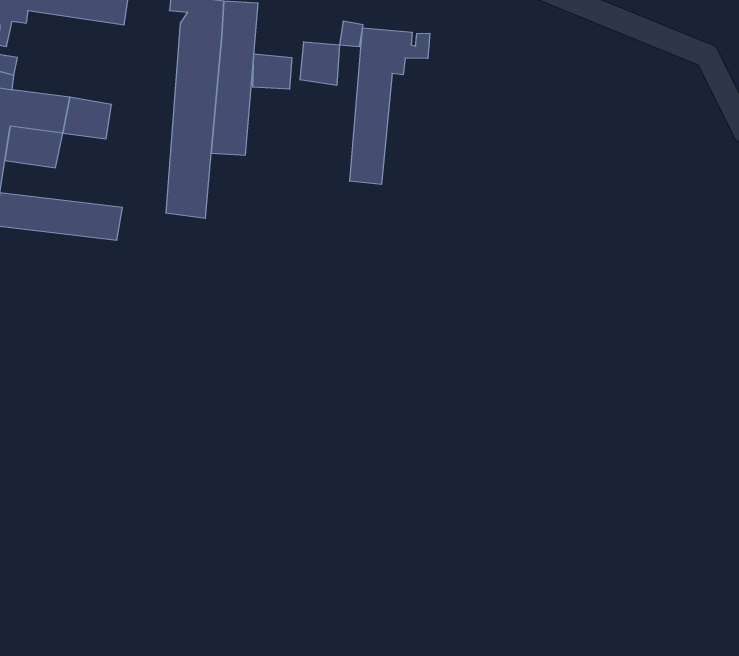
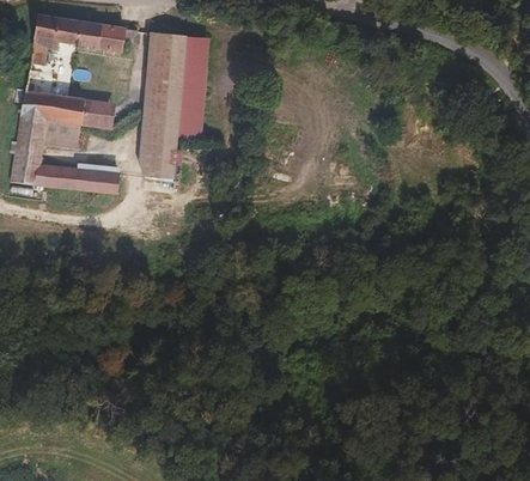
building: [350,28,430,184] -> none
building: [300,42,340,85] -> none
building: [253,54,292,89] -> none

